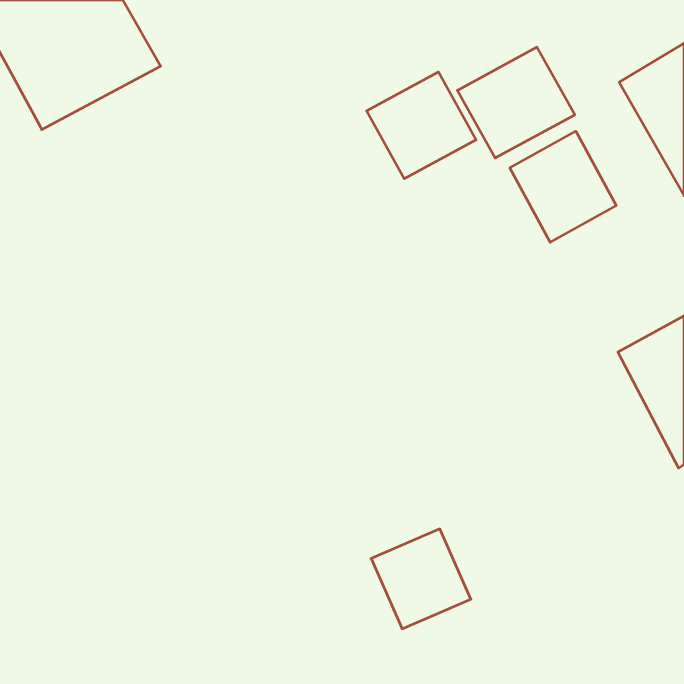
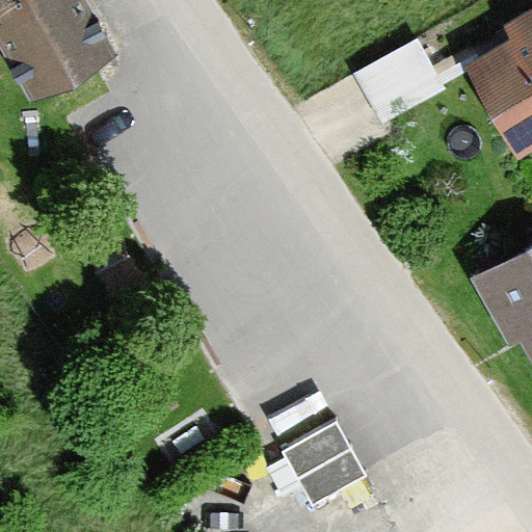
building: [367,72,476,179] -> none
building: [510,131,616,242] -> none

